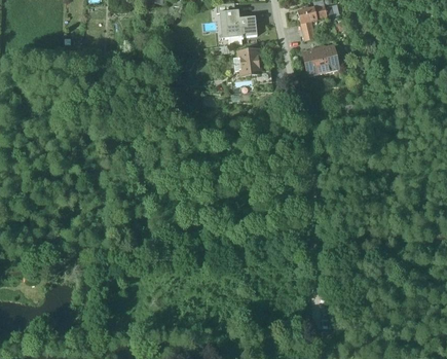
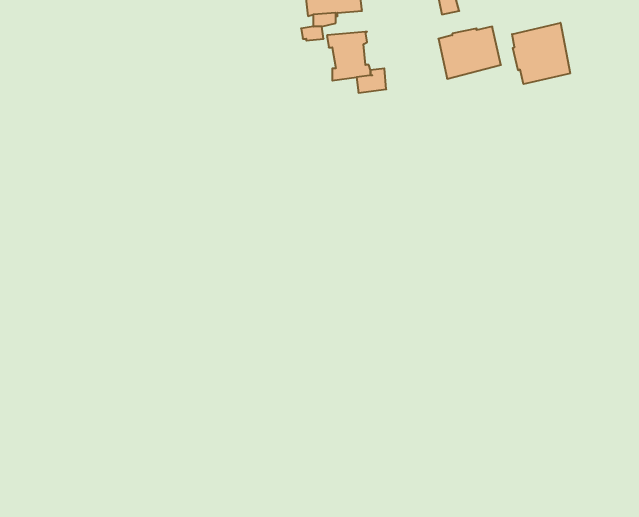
building: none -> [512,23,570,84]

